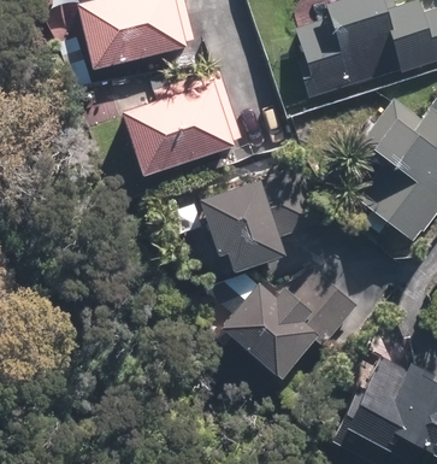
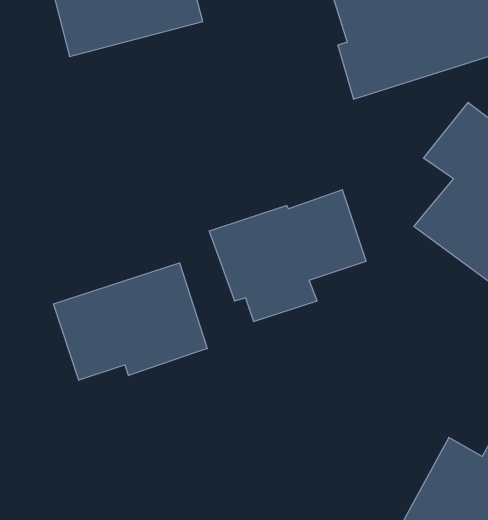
building: [124,74,240,172] -> none
building: none -> [53,263,207,380]
building: [222,271,358,375] -> none

